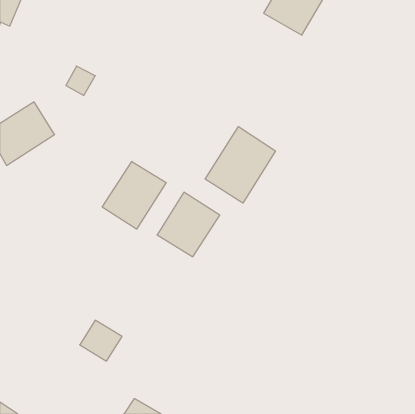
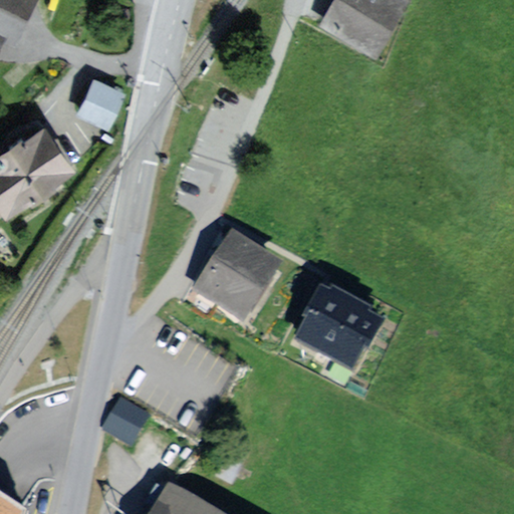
building: [205,127,275,203] -> none
building: [102,161,166,229] -> none
building: none -> [301,293,377,367]

